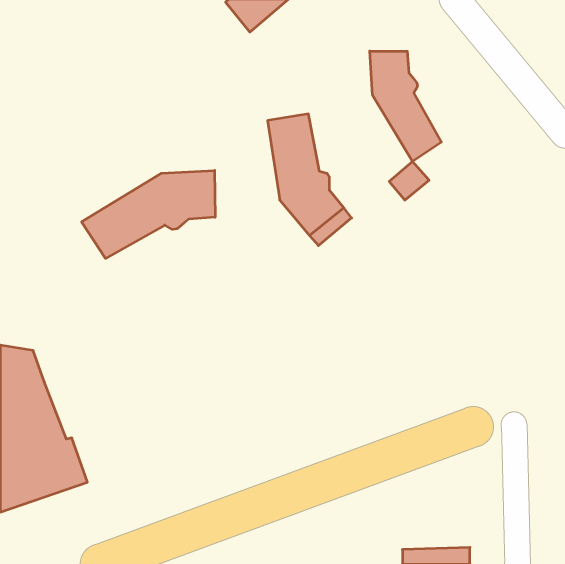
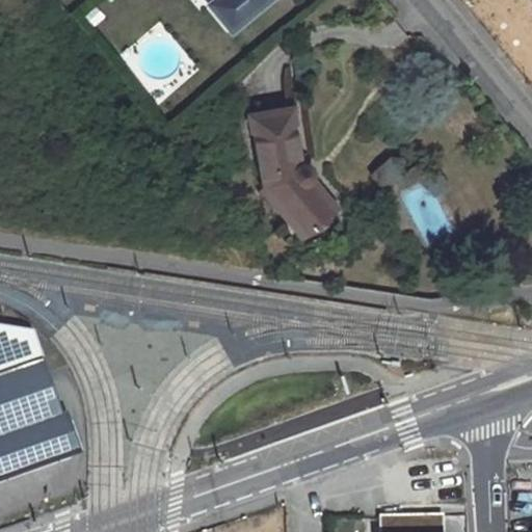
building: [370,51,441,161] -> none
building: [82,170,215,258] -> none

